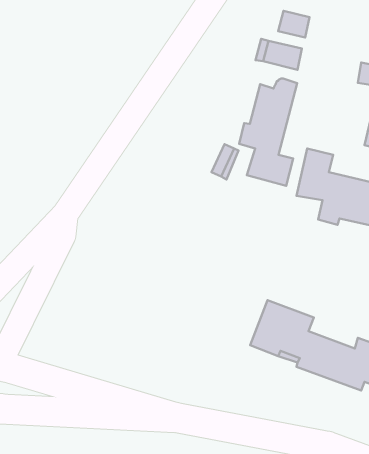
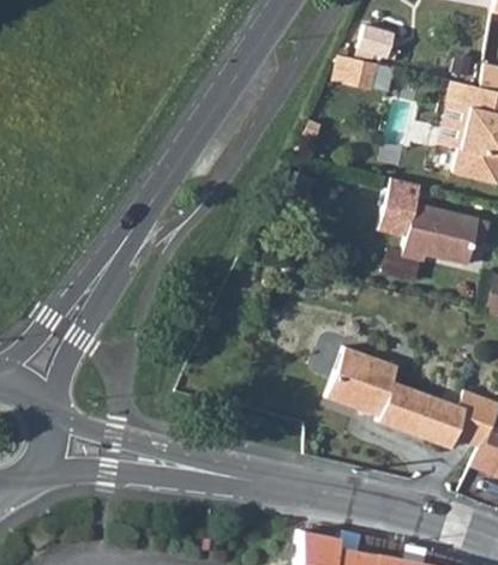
building: [239,79,297,186] -> none

